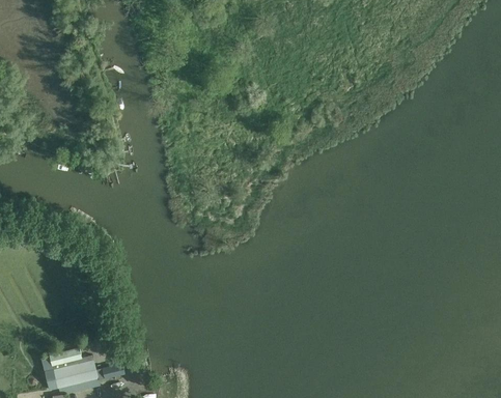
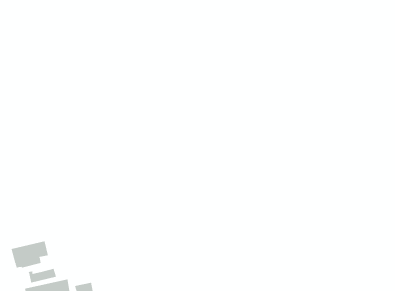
building: none -> [11,241,48,268]

